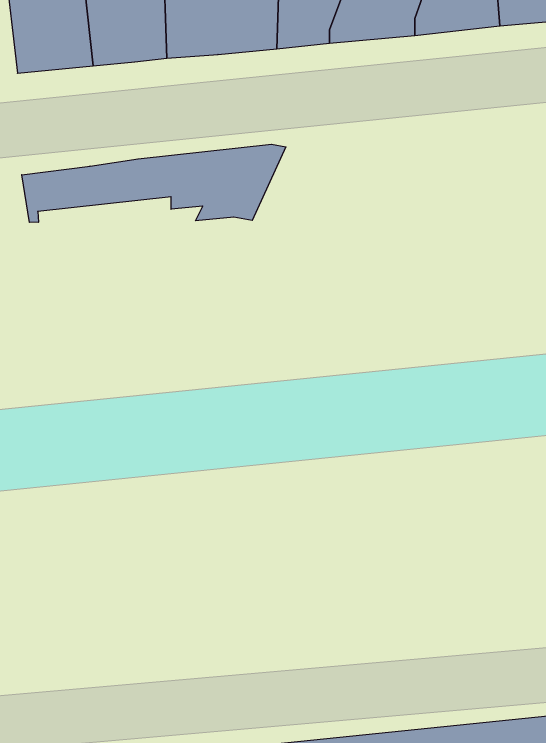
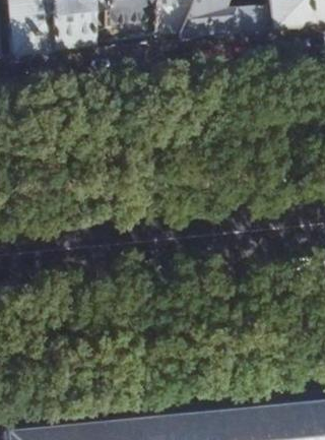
building: [22,144,286,222] -> none

